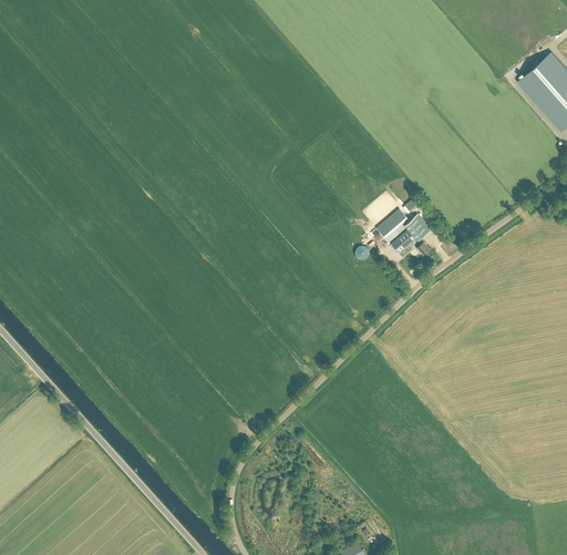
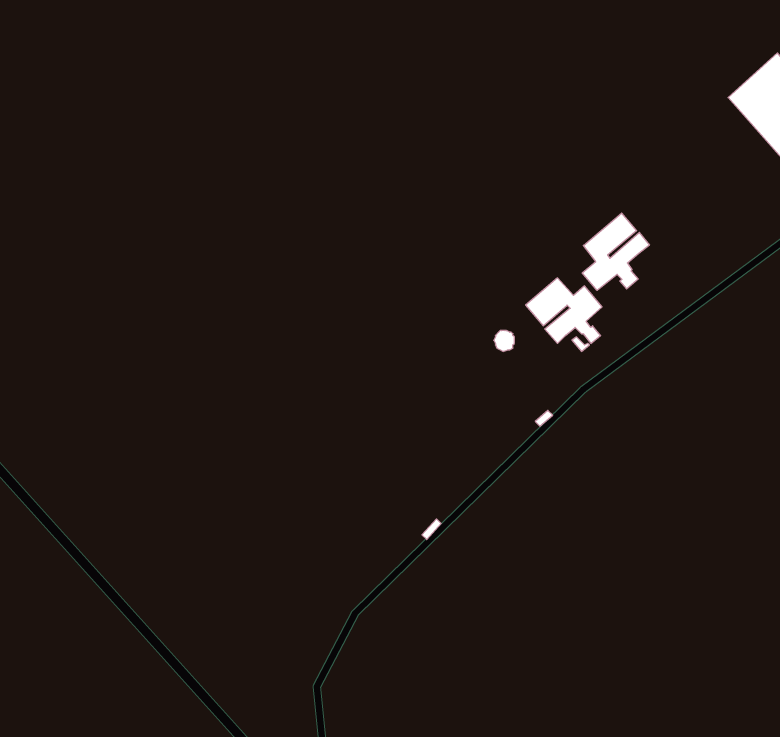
building: none -> [582,213,649,290]

